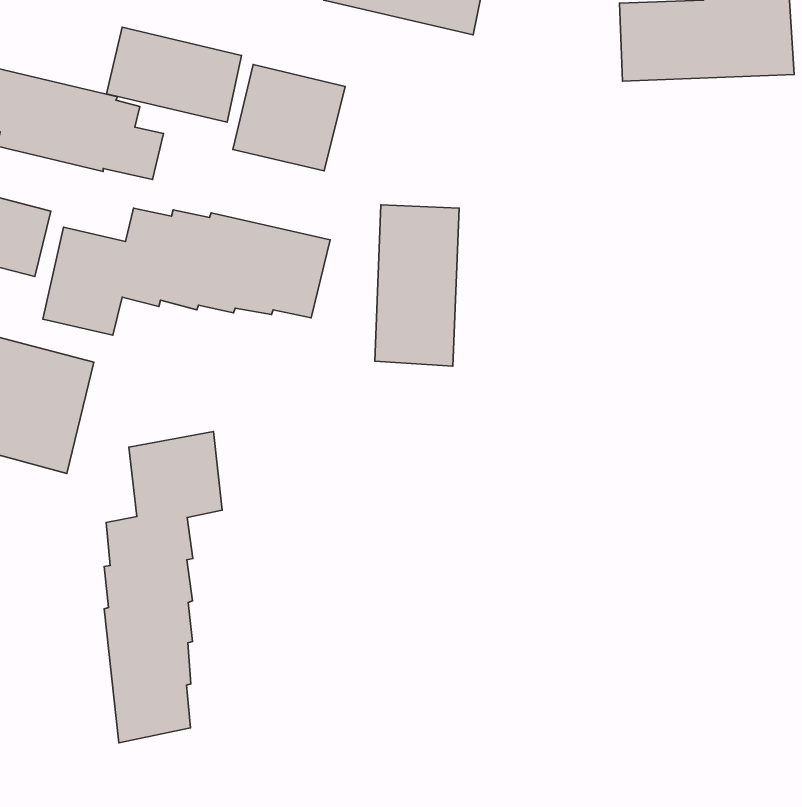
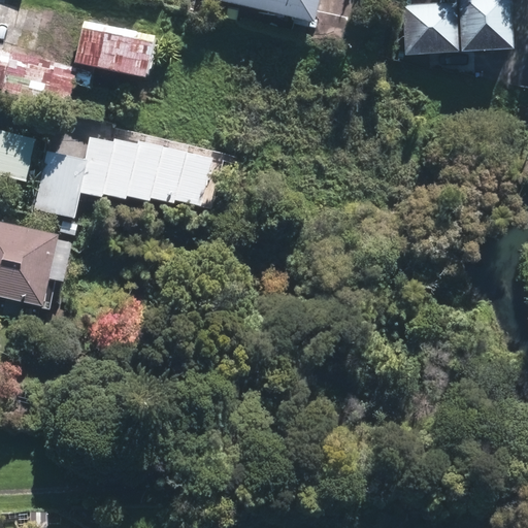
building: [233,64,345,171] -> none
building: [375,205,459,366] -> none
building: [104,432,222,743] -> none

